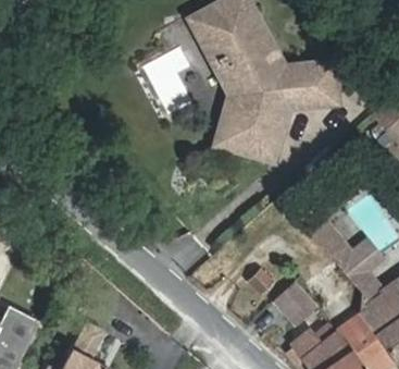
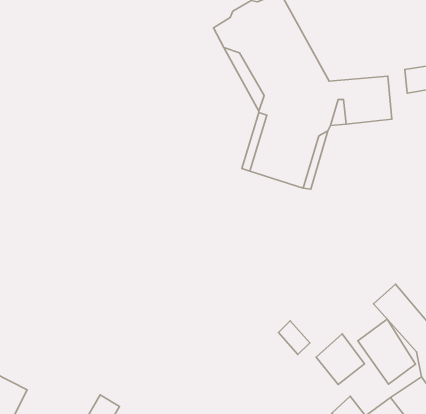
building: none -> [358,319,416,384]

